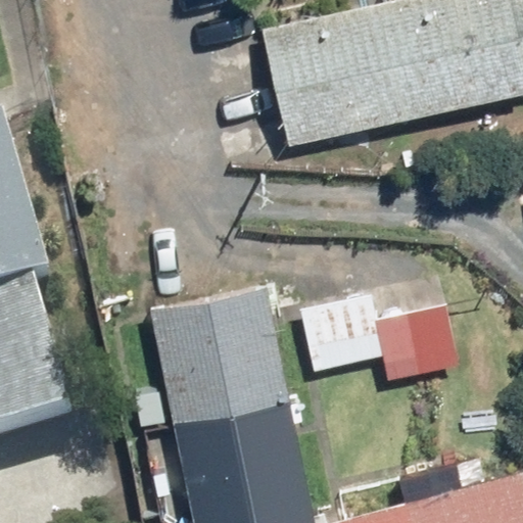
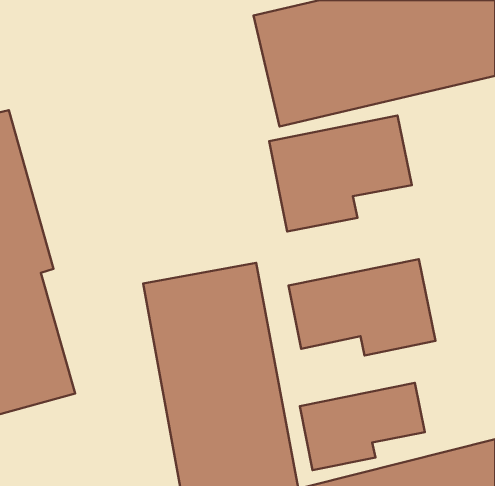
building: none -> [269,115,412,232]
building: none -> [300,383,425,470]

